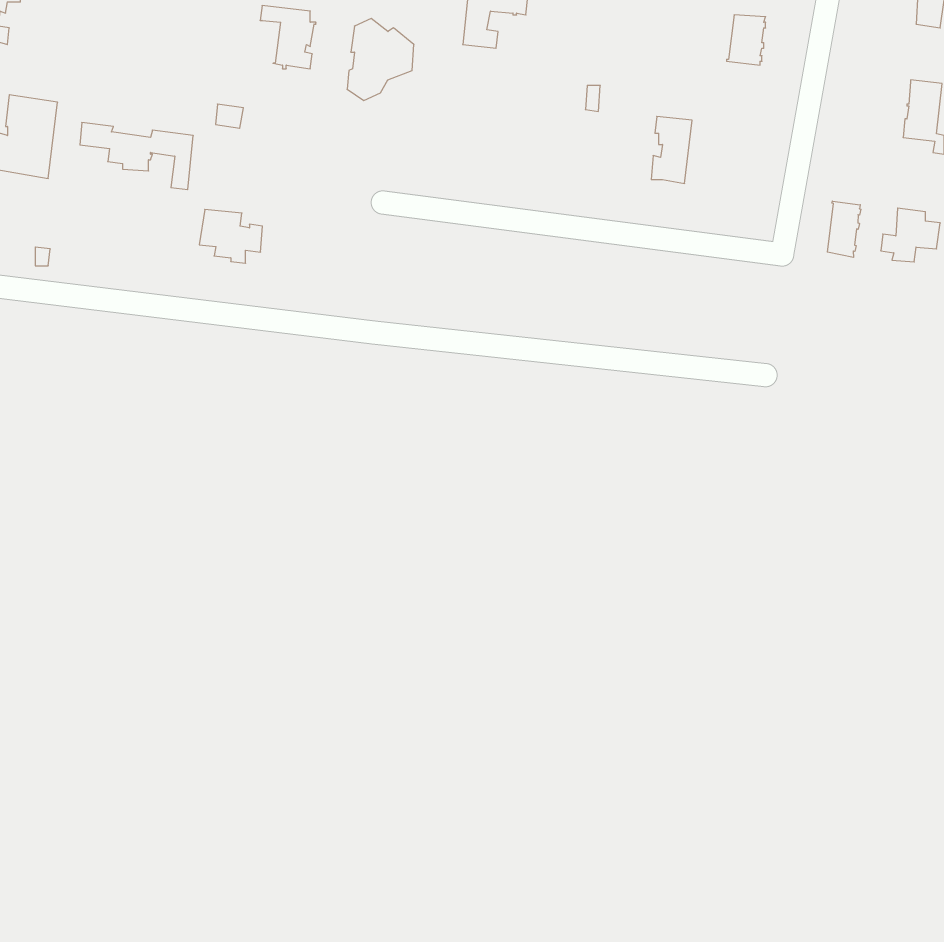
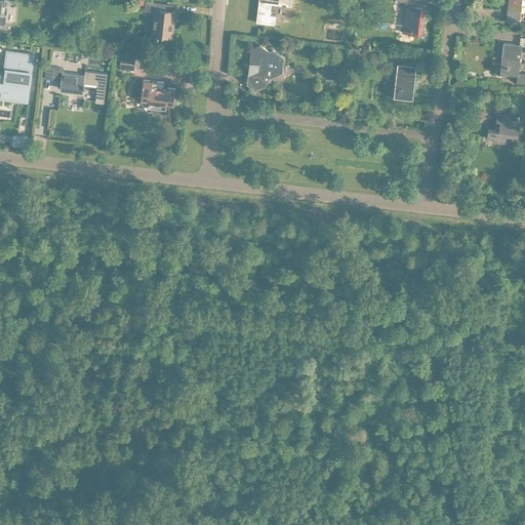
building: [347,19,414,100] -> [246,46,283,91]
building: [651,116,692,183] -> [393,67,415,104]
building: [827,201,861,257] -> none
building: [199,209,262,263] -> [139,81,174,111]

